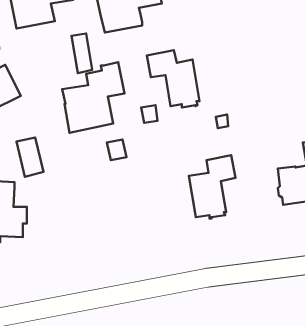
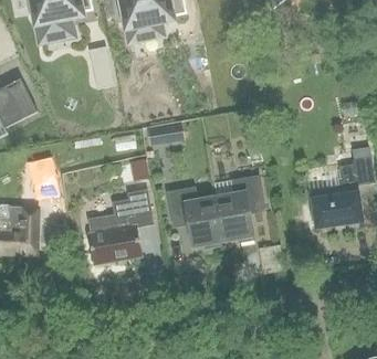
building: [147,50,200,107] -> [168,187,224,247]
building: [62,62,125,133] -> [87,189,154,264]

